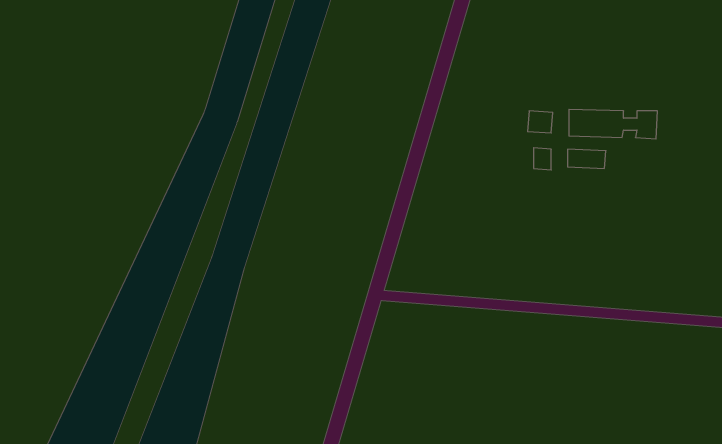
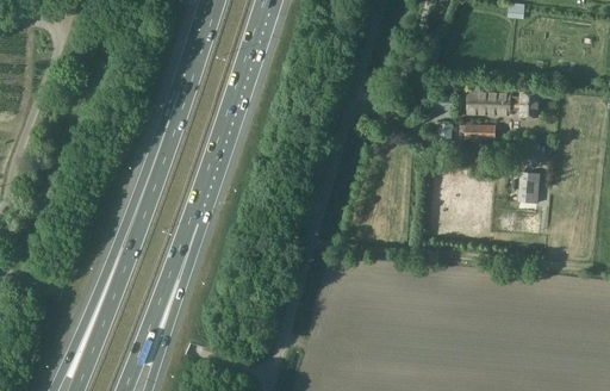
building: none -> [518,170,540,201]

